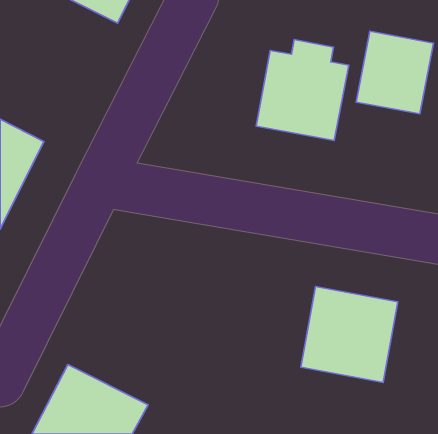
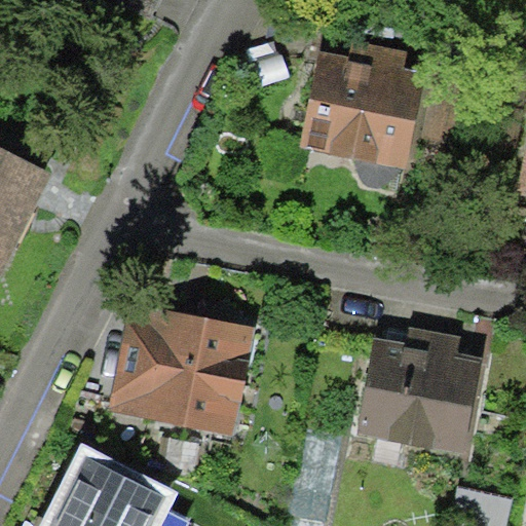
building: [356,31,433,114] -> none
building: none -> [111,314,253,427]

